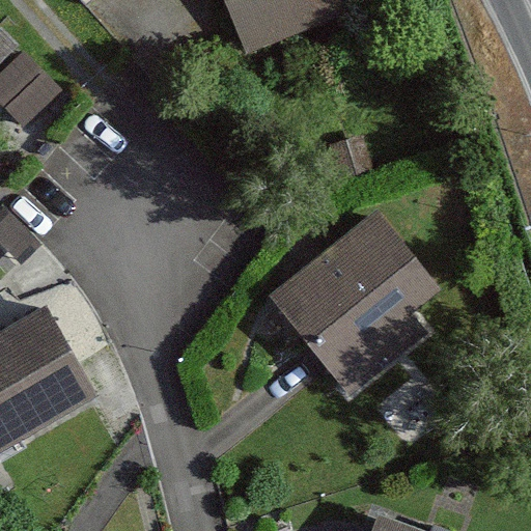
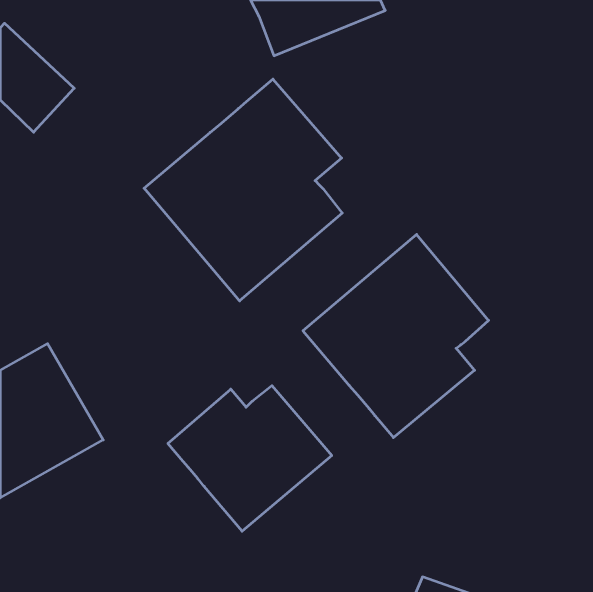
building: none -> [144,79,342,301]
building: none -> [168,386,332,531]

